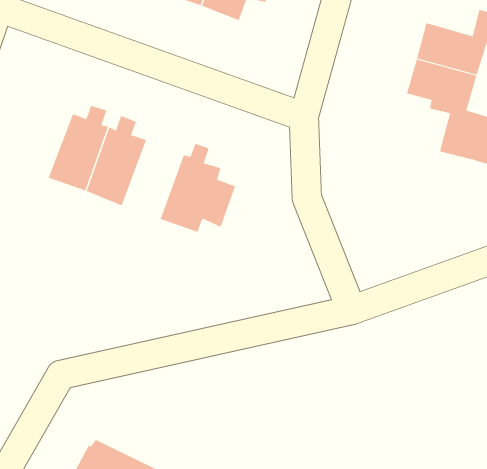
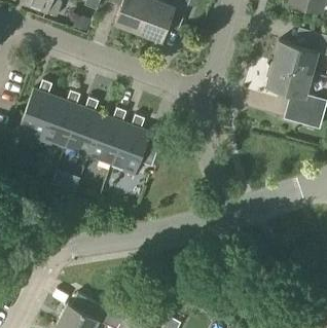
building: none -> [20,80,59,137]
building: none -> [89,108,128,162]

